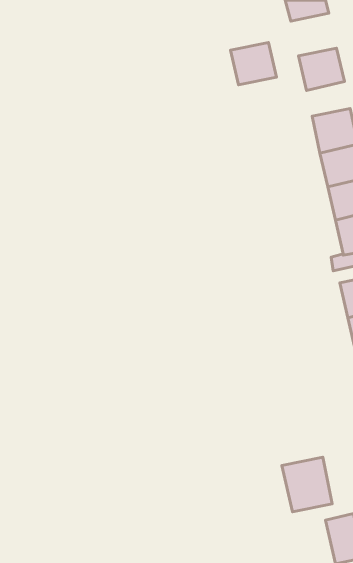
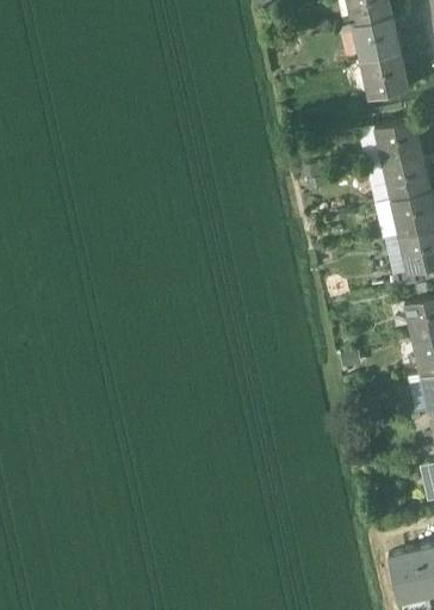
building: [231,42,276,85] -> [352,18,401,63]
building: [282,457,332,512] -> none

